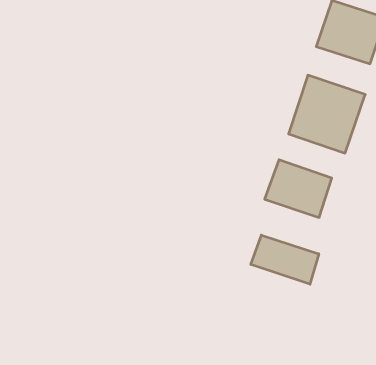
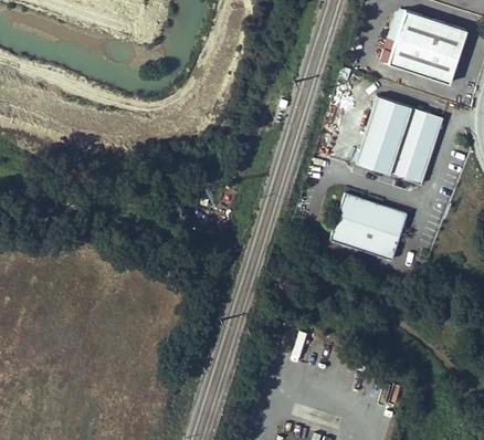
building: [251,235,319,284] -> none

